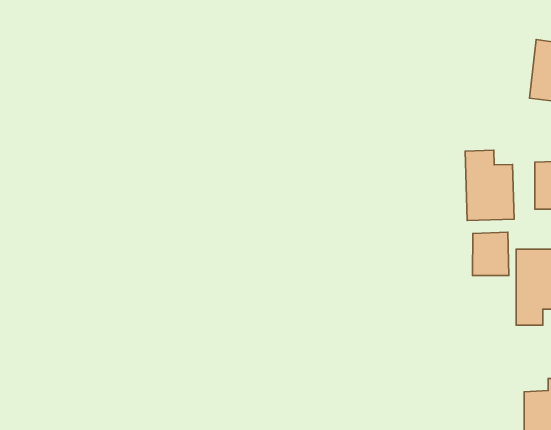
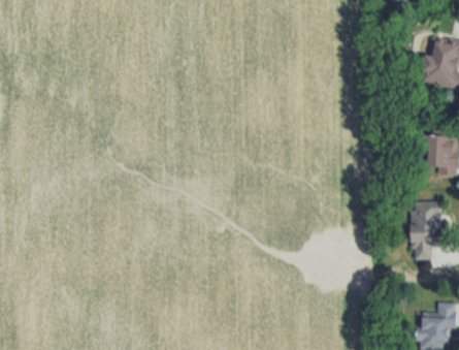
building: [465,150,514,221] -> none
building: [473,232,509,275] -> none

